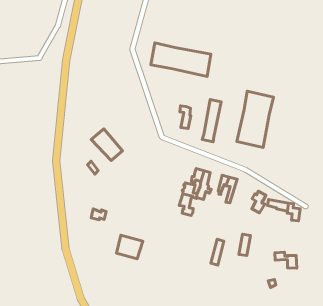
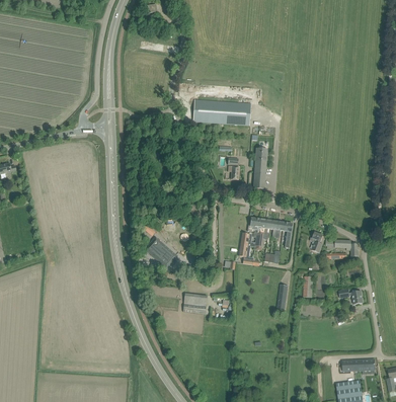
building: [237,91,273,147] -> none
building: [91,129,123,161] -> [144,237,176,267]

